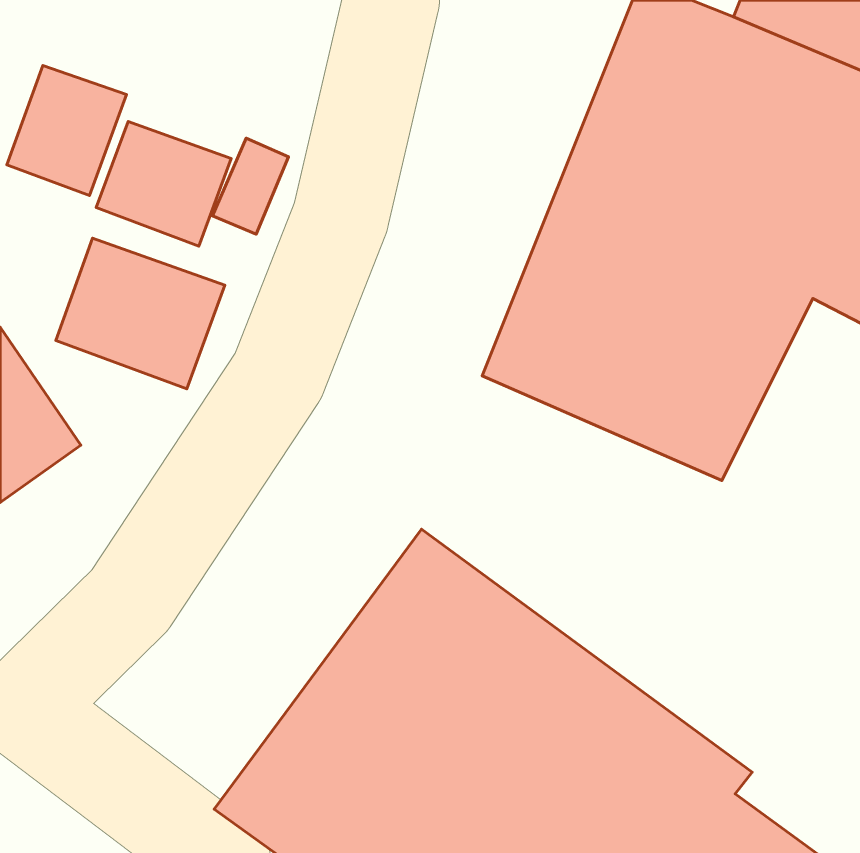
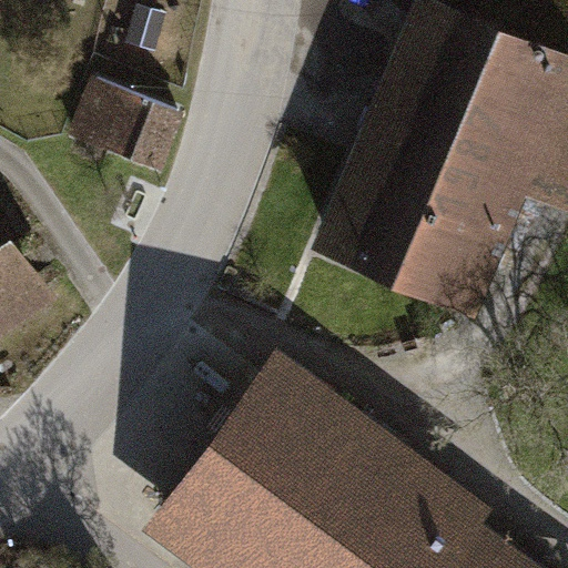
building: [7,65,126,195] -> none
building: [56,238,225,389] -> none

